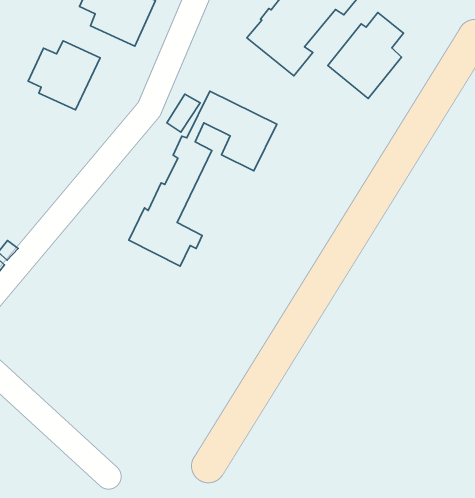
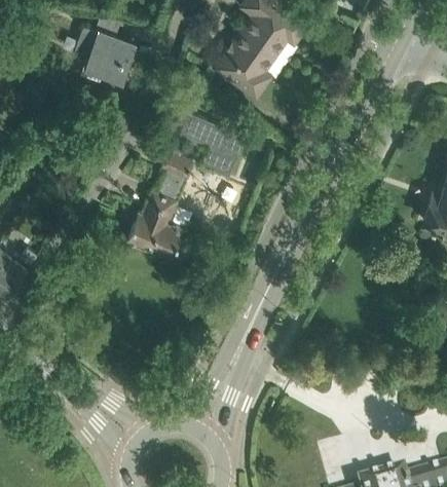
building: [328,12,403,98] -> none
building: [28,41,100,110] -> none

